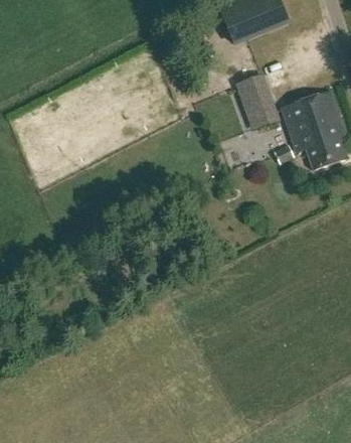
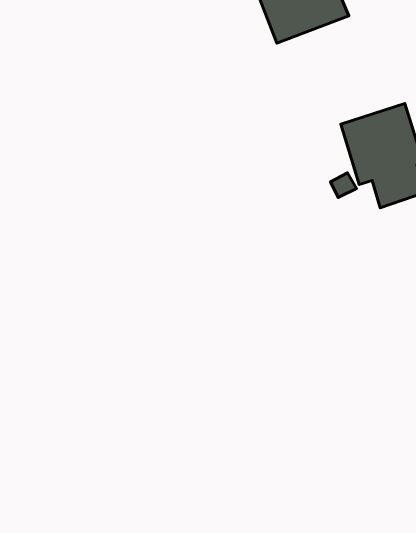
building: [239,76,277,130] -> none

